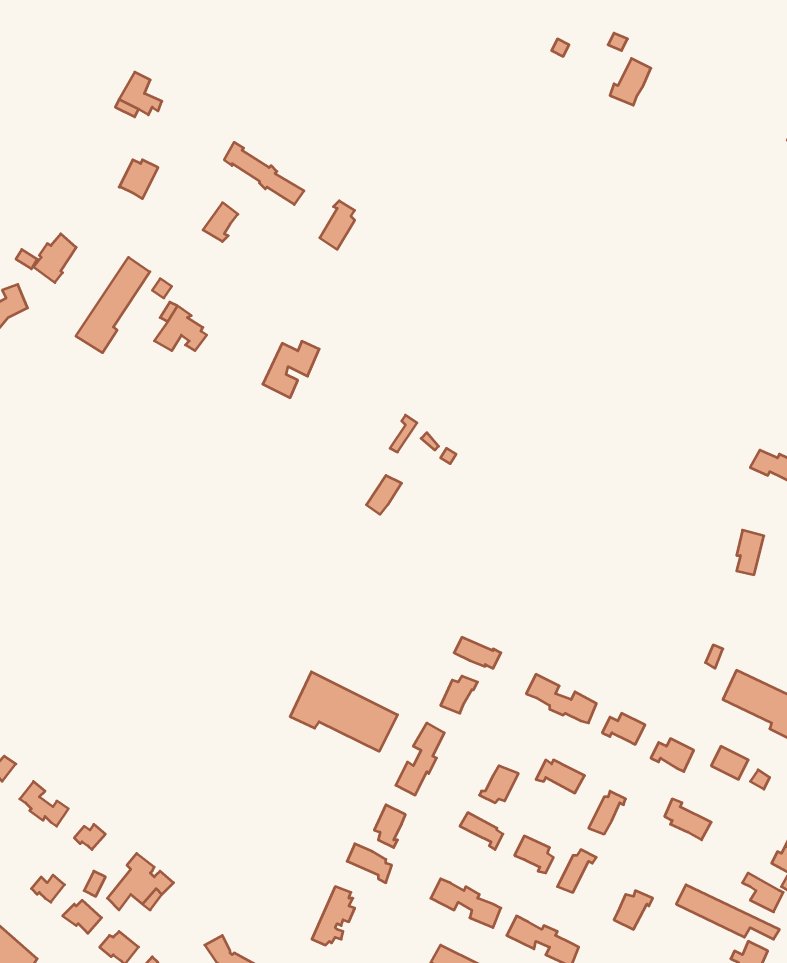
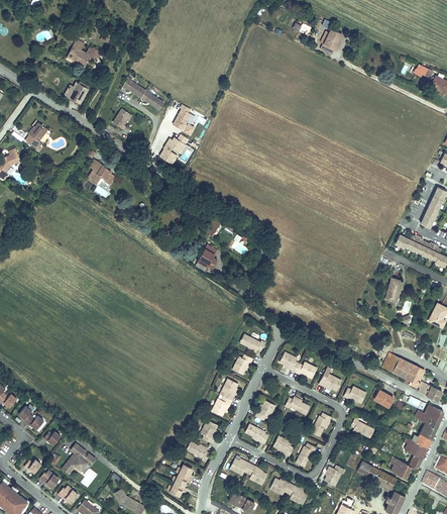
building: [76,257,150,353] -> none
building: [263,341,319,398] -> [159,135,189,165]
building: [290,672,398,751] -> none

